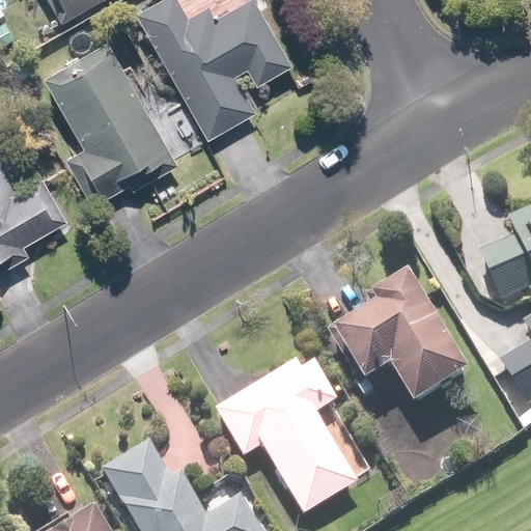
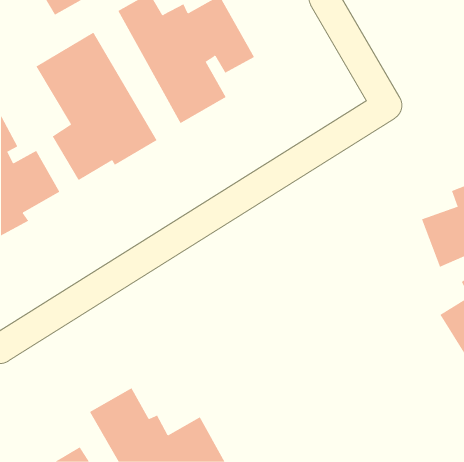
building: [332,271,475,407] -> none
building: [215,361,357,518] -> none

